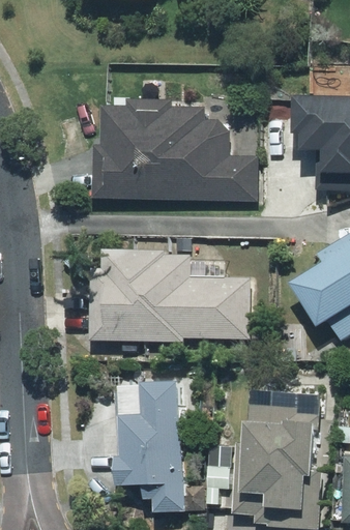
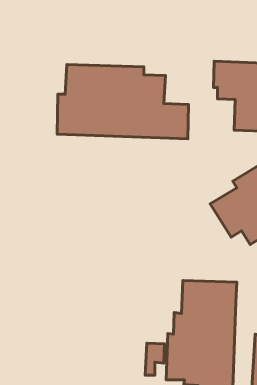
building: [88,252,251,341] -> none
building: [115,384,184,510] -> none

